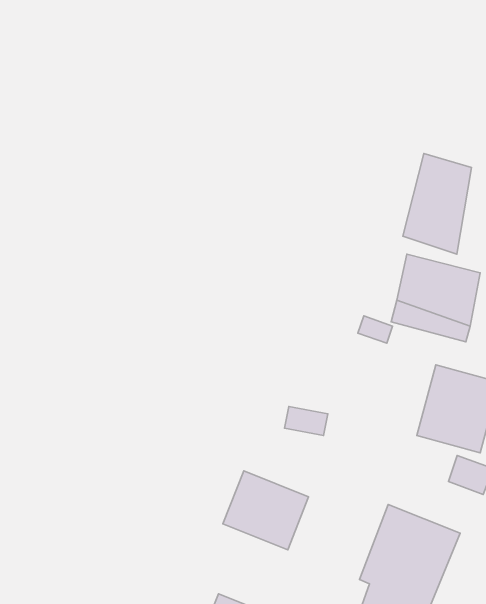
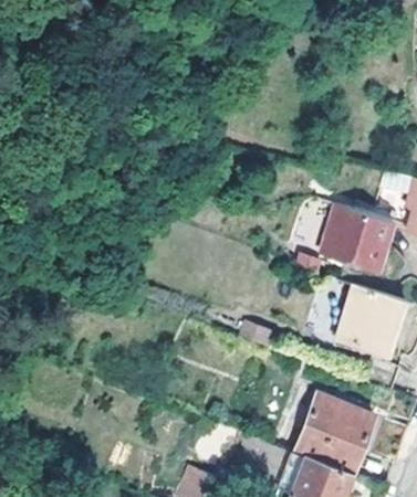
building: [403,153,471,254] -> none
building: [223,471,309,550] -> none

